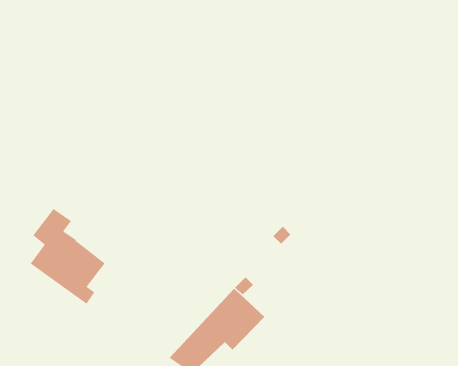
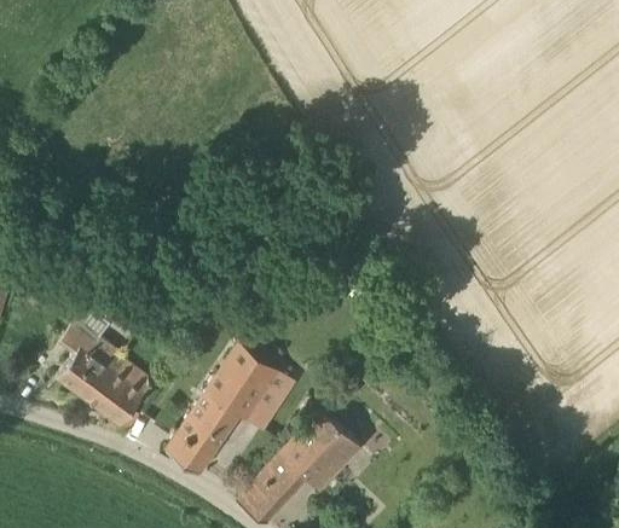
building: none -> [166,343,299,475]

